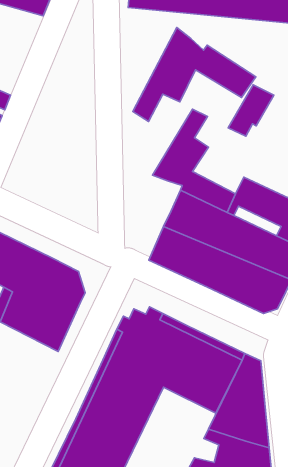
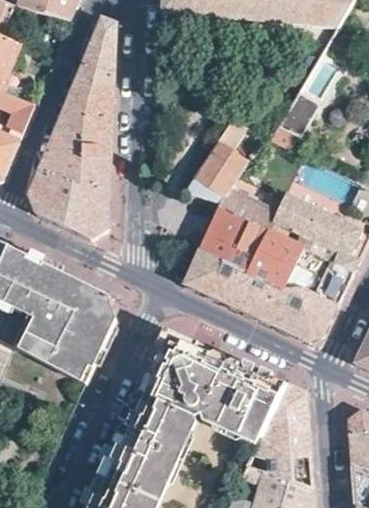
building: none -> [29,17,115,239]
building: [133,27,256,122] -> none

